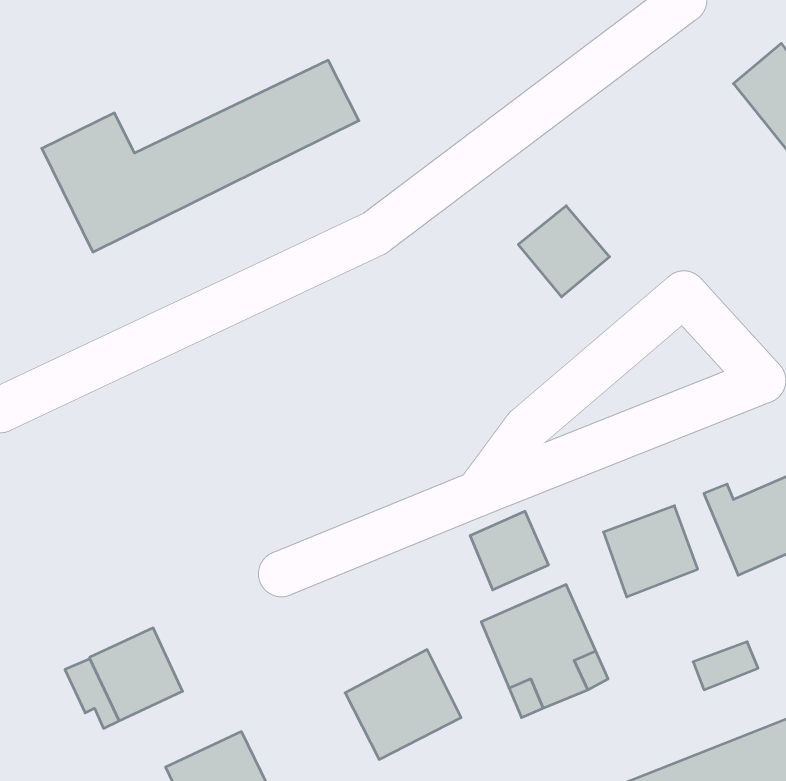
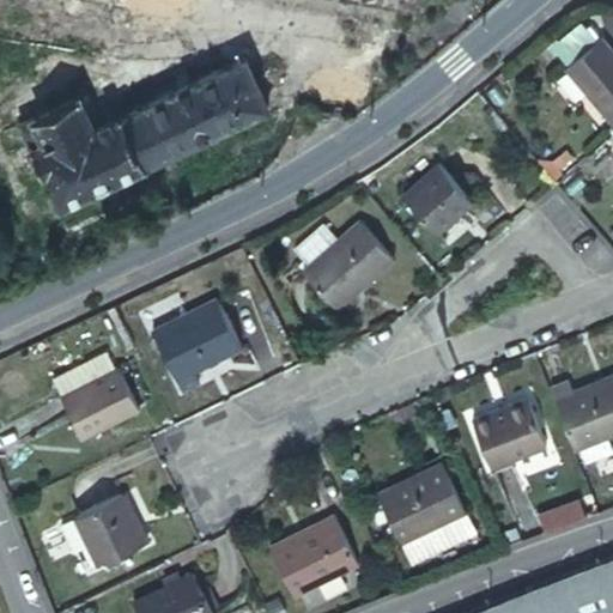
building: none -> [302,219,394,308]
building: none -> [156,309,241,397]
building: none -> [60,368,138,438]
building: [470,511,548,590] -> none

